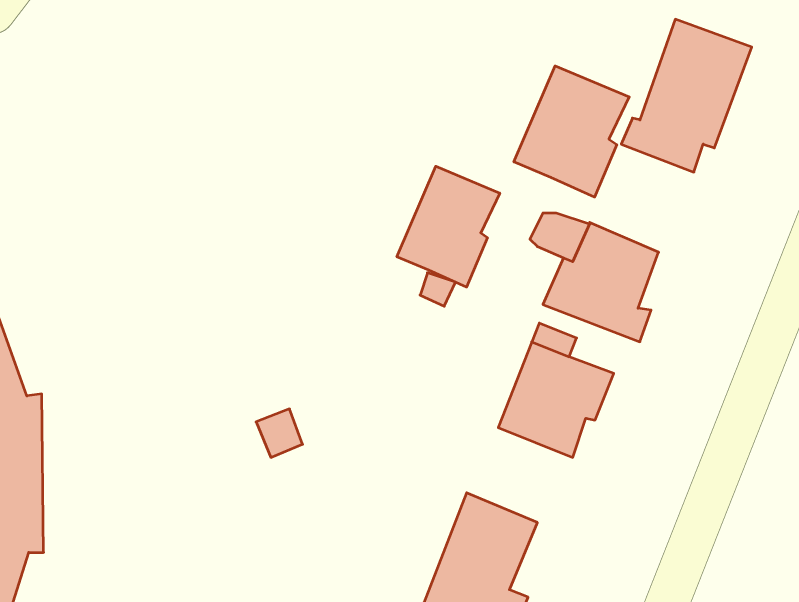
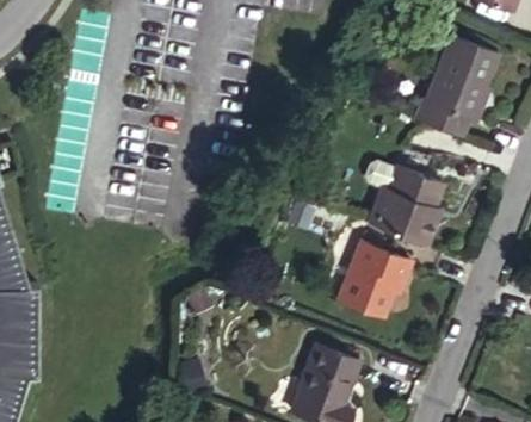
building: [514,66,629,197] -> none
building: [397,166,500,287] -> none

